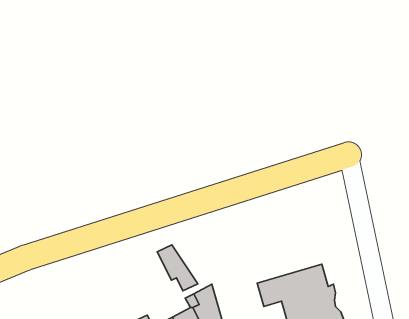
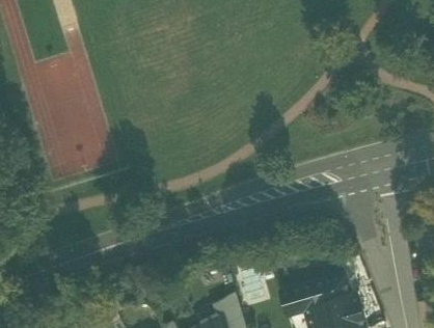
building: [157,245,198,291] -> none

